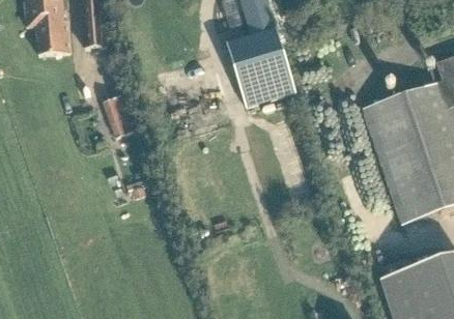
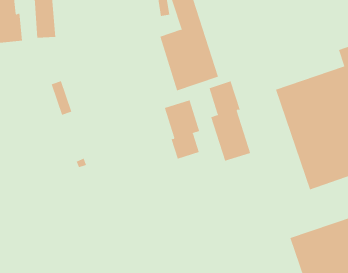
building: none -> [209,81,251,162]
building: none -> [164,100,200,160]

